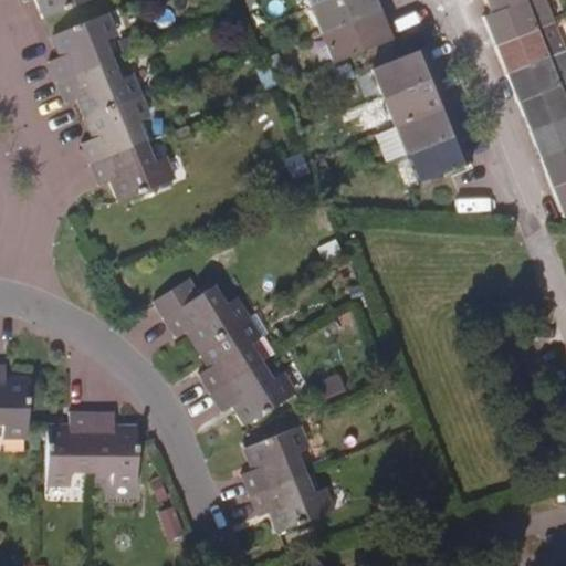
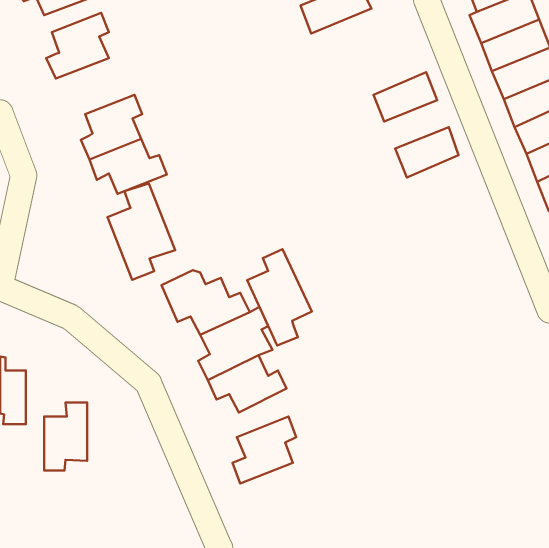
building: [321,9,395,63] -> none
building: [373,45,439,97] -> none
building: [59,60,139,117] -> none
building: [396,103,462,153] -> none
building: none -> [108,184,175,280]
building: none -> [247,249,312,346]
building: [91,413,135,484] -> none
building: [248,475,331,531] -> none

